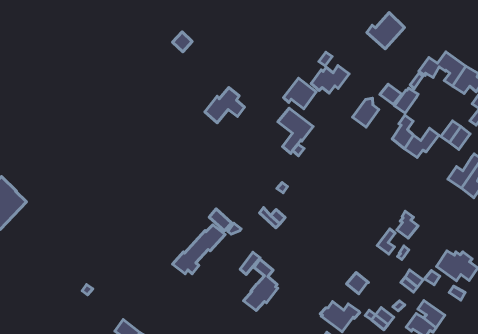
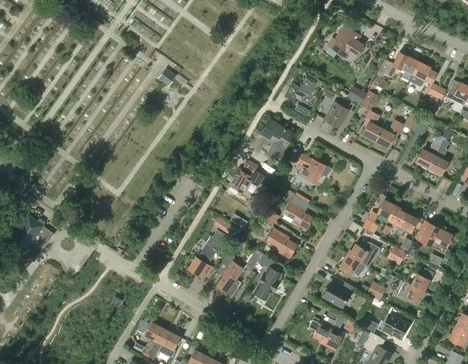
building: [284,78,316,109] -> none
building: [205,87,245,123] -> [230,160,264,192]
building: none -> [296,153,332,183]
building: none -> [283,201,313,231]
building: none -> [389,206,424,232]
building: none -> [267,228,297,258]
building: none -> [216,252,244,295]
building: none -> [348,241,378,266]

